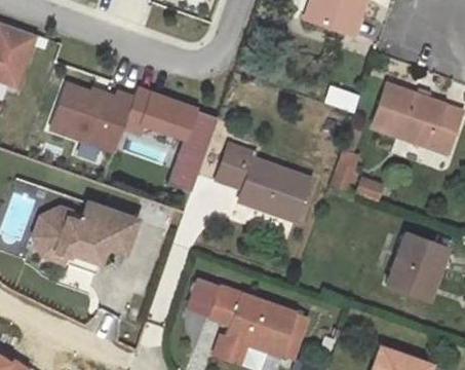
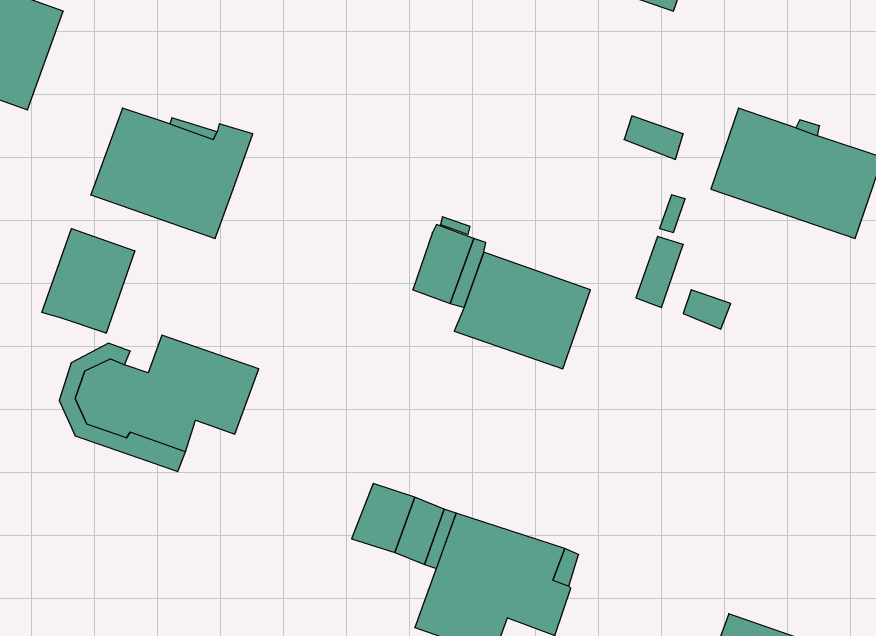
building: [124,89,218,192] -> none
building: none -> [42,229,135,333]
building: [387,233,447,299] -> none

